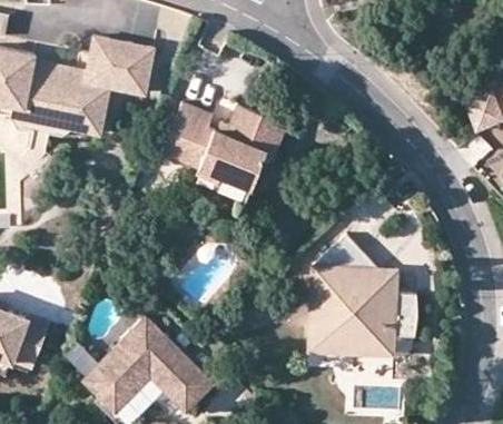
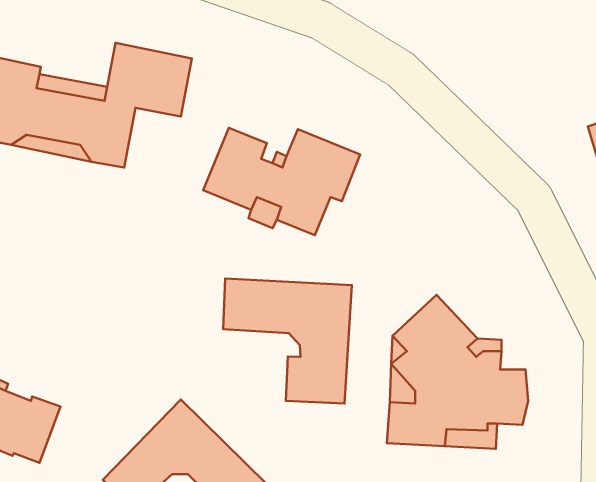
building: none -> [223,278,352,403]

